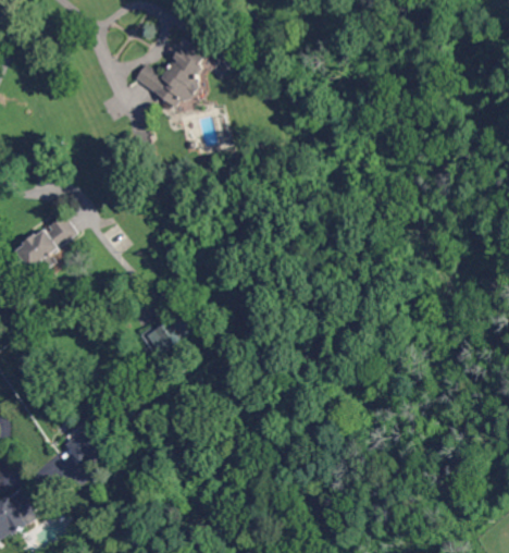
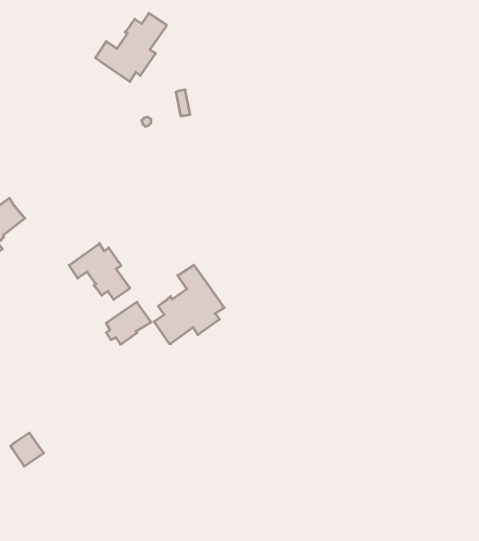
building: none -> [69,243,130,300]
building: none -> [154,265,224,344]

